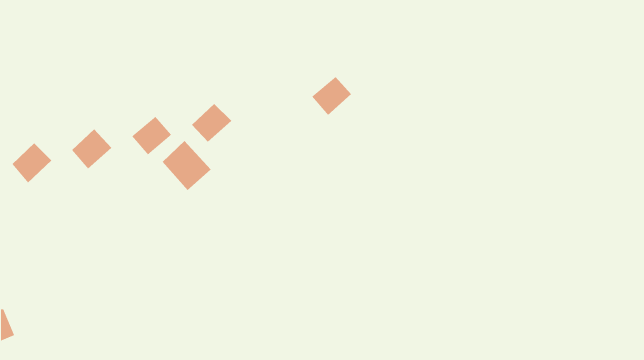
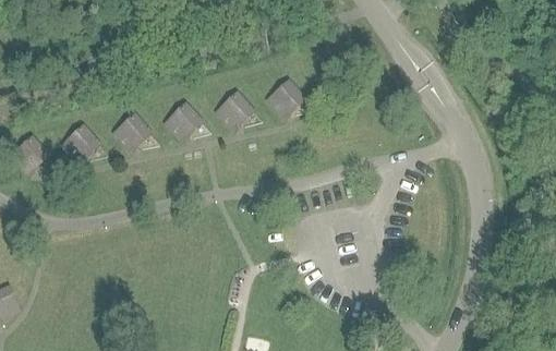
building: none -> [218,94,253,129]
building: [162,140,212,191] -> none

